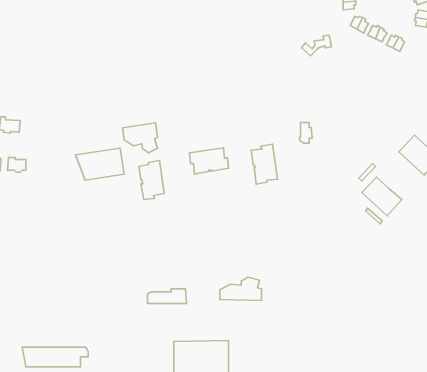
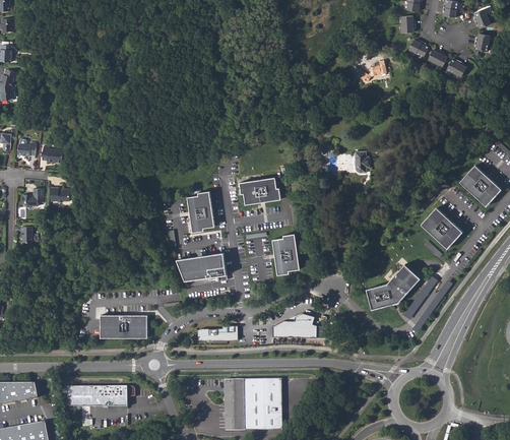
building: [123,123,157,153] -> none
building: [251,144,277,184] -> [273,234,301,275]
building: [75,148,124,180] -> [177,252,228,286]
building: none -> [366,264,420,310]
building: none -> [101,315,147,337]

